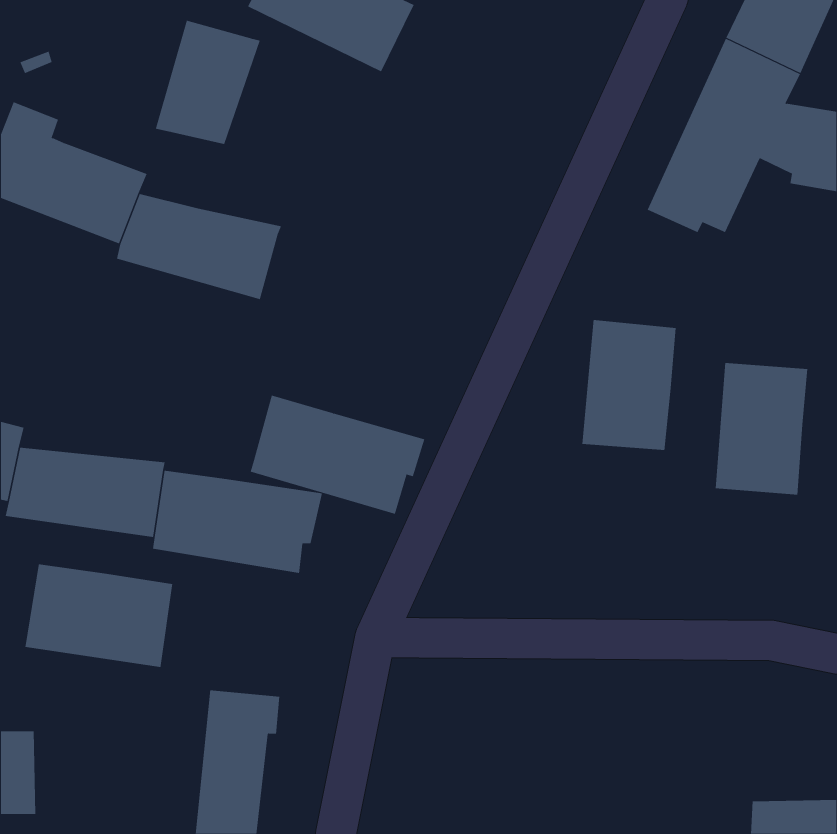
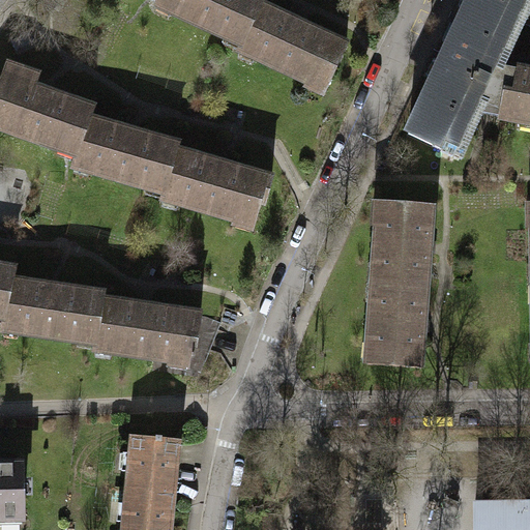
building: none -> [239,5,347,91]
building: [155,20,261,145] -> none
building: [715,362,808,495] -> [361,281,420,364]
building: [250,395,425,514] -> [163,148,273,224]
building: [25,564,173,668] -> none

